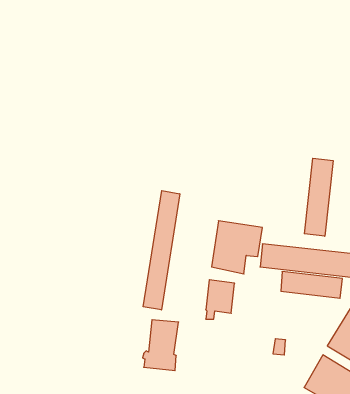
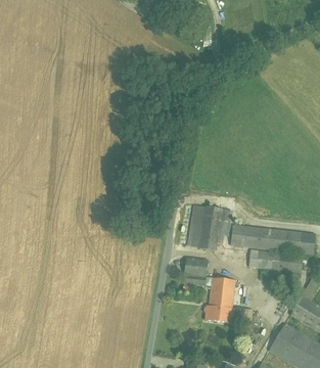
building: [304,158,333,236] -> none
building: [143,191,180,310] -> none
building: [143,320,179,371] -> [203,278,235,323]

